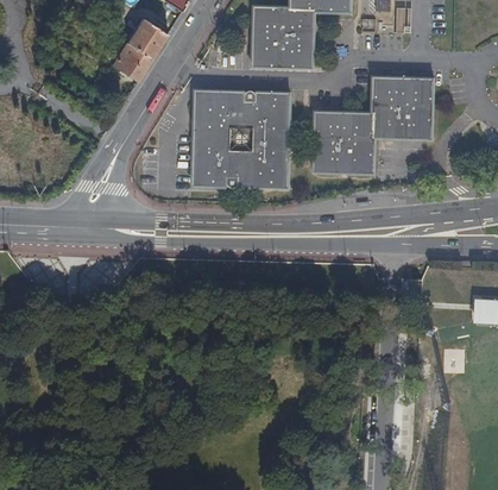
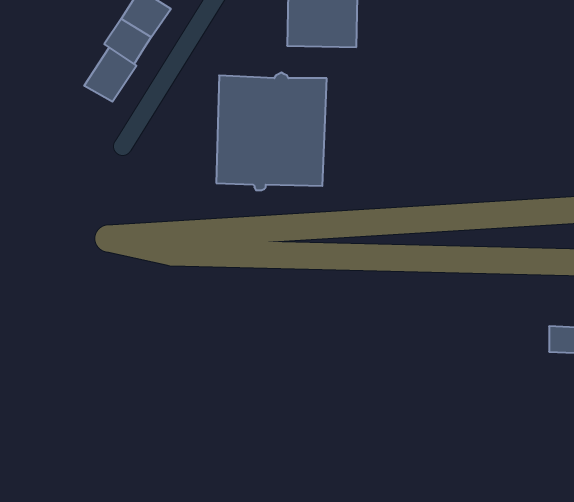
building: none -> [84,48,136,102]
building: [315,77,433,171] -> none

